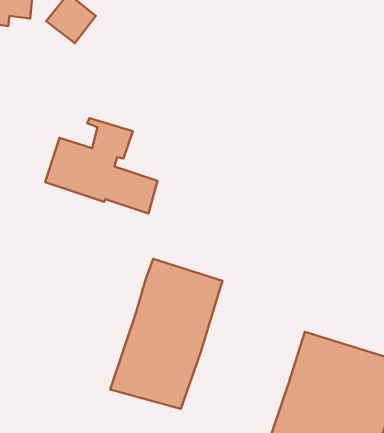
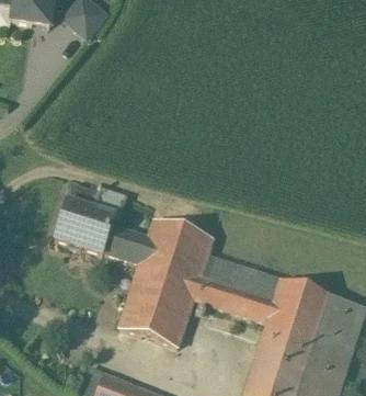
building: [45,118,158,213] -> [54,183,148,263]
building: none -> [194,240,282,321]

